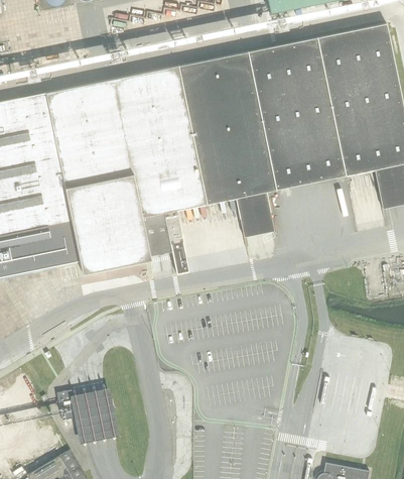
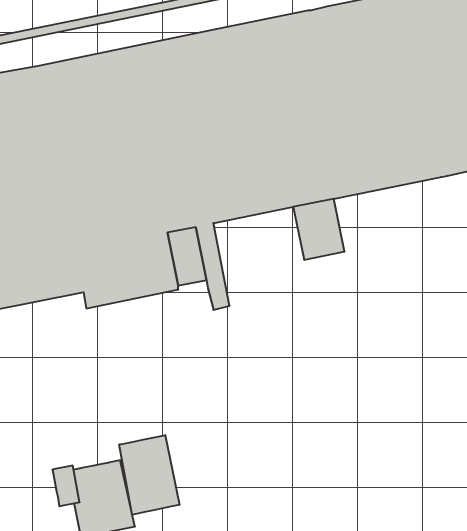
building: none -> [119,435,179,515]

